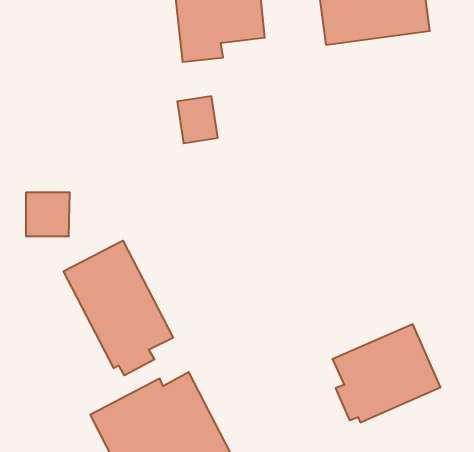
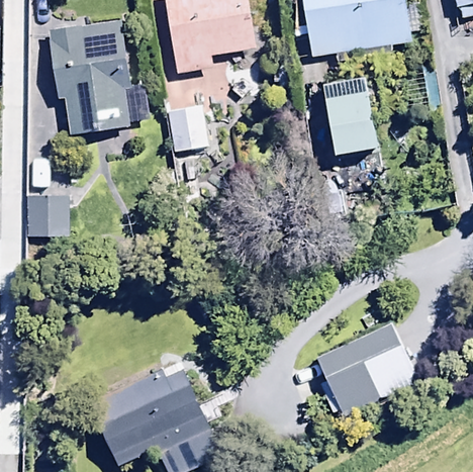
building: none -> [51,21,129,131]
building: none -> [324,74,376,152]
building: [64,241,173,375] -> none

